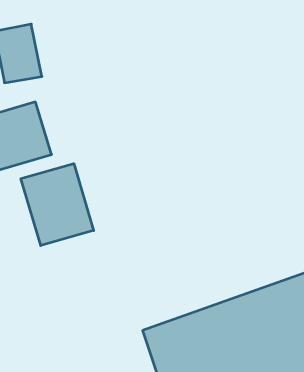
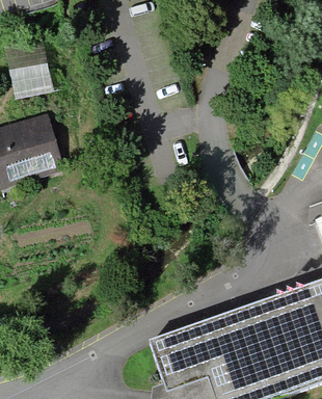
building: [21,164,94,246] -> none

